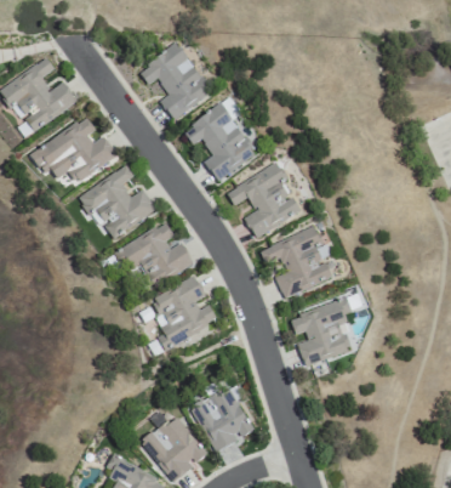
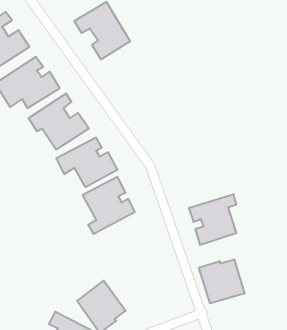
building: [183,104,257,182] -> none
building: [227,163,302,238] -> none
building: [261,226,333,299] -> none
building: none -> [199,259,245,303]
building: [192,386,253,452] -> none

